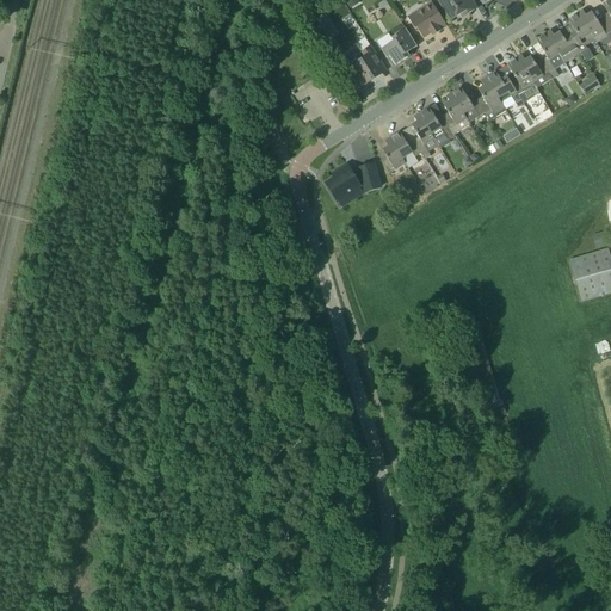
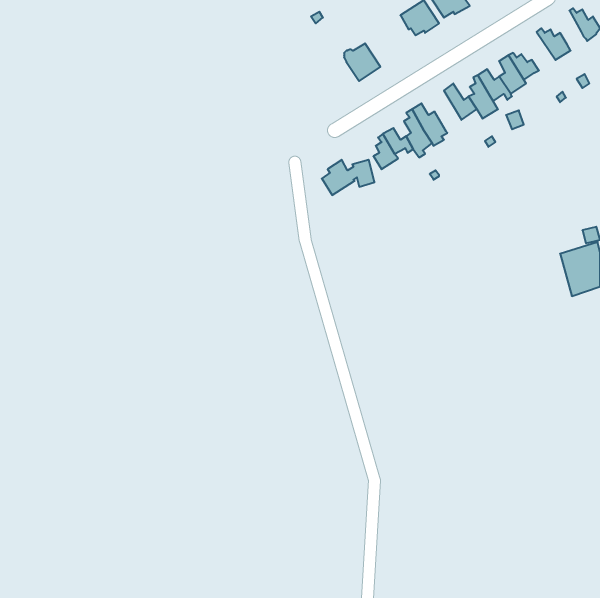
building: [568,11,595,51] -> none
building: [381,27,416,63] -> none
building: [536,32,564,79] -> none
building: [442,92,470,134] -> none

